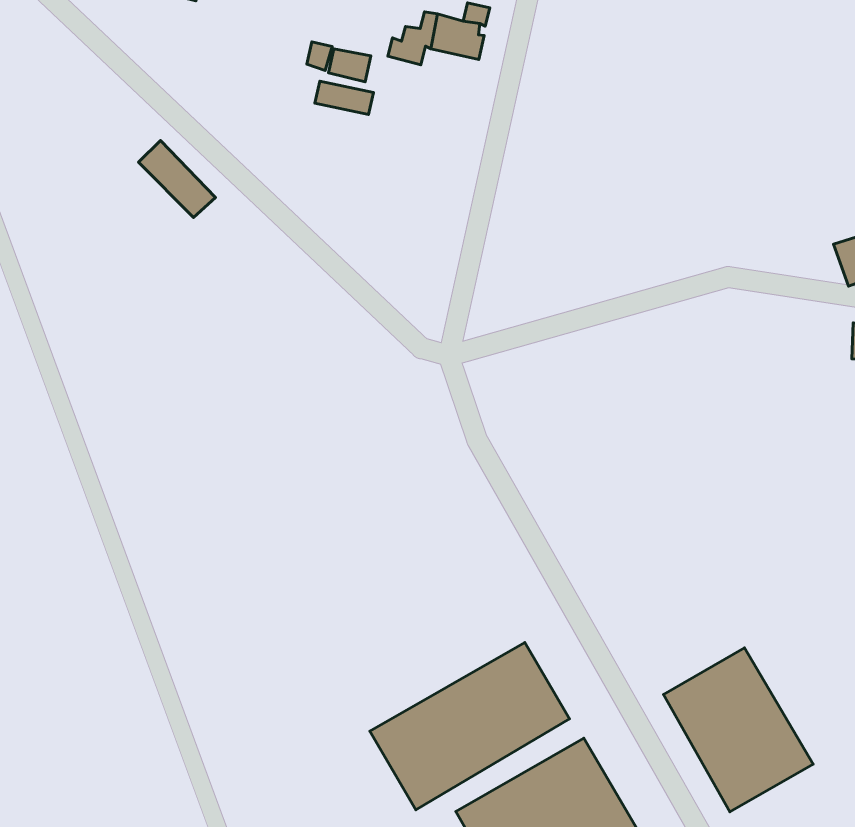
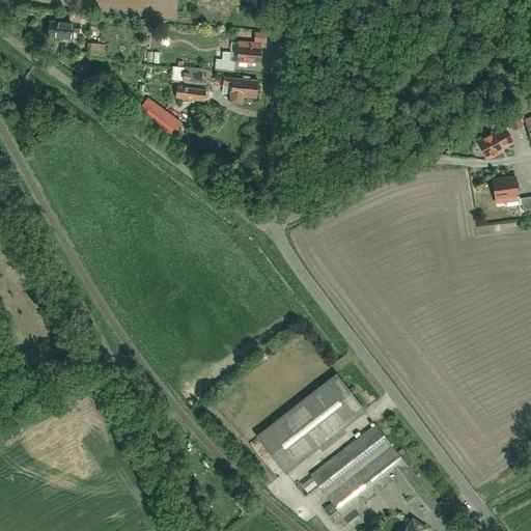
building: none -> [222,77,261,104]
building: [139,140,215,217] -> [140,97,185,137]
building: [664,648,813,812] -> none

